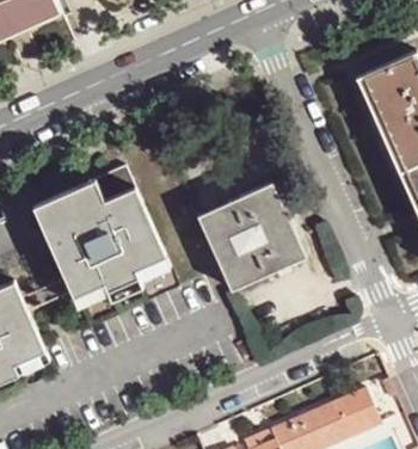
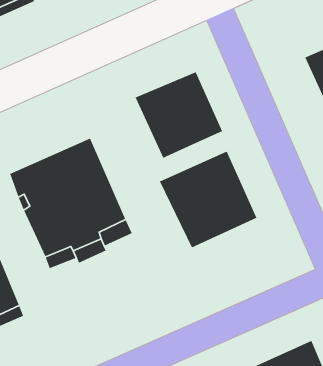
building: none -> [134,71,223,159]

